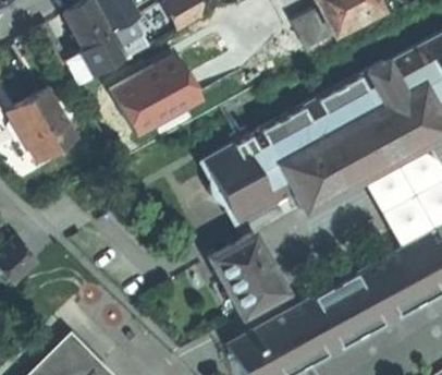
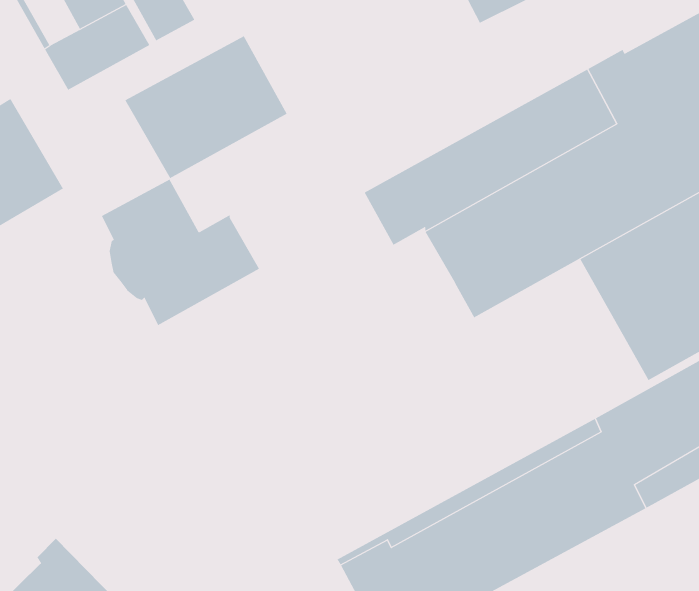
building: [204,141,292,222] -> [101,179,260,326]
building: [208,233,285,317] -> none

